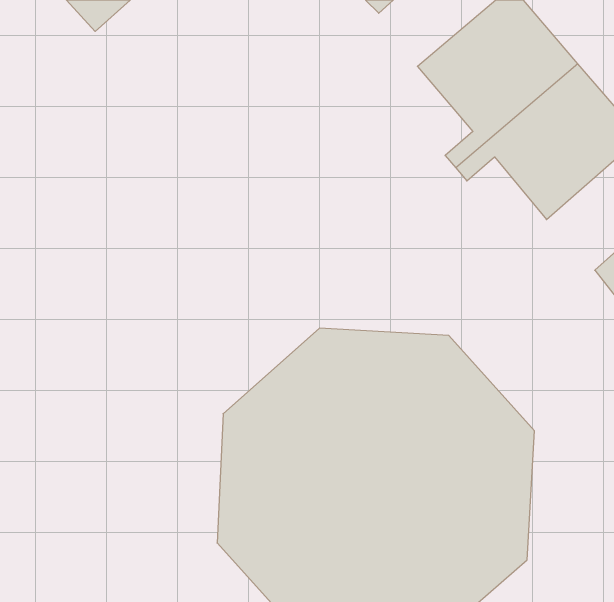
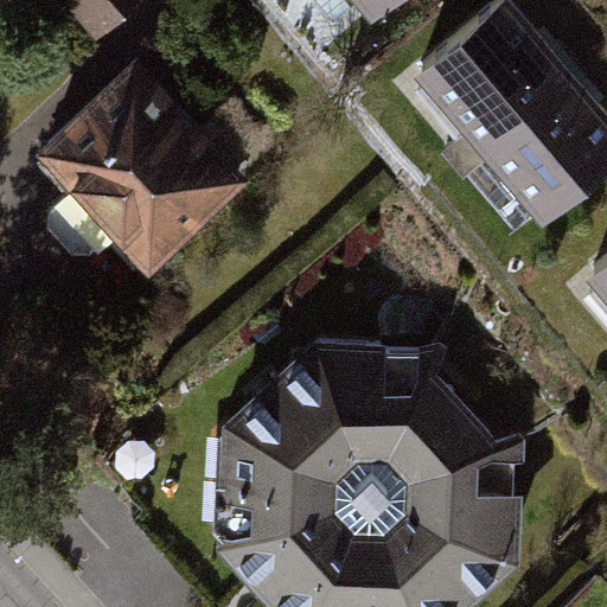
building: none -> [34,58,250,276]

